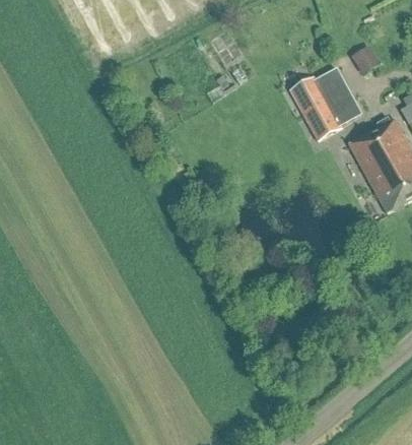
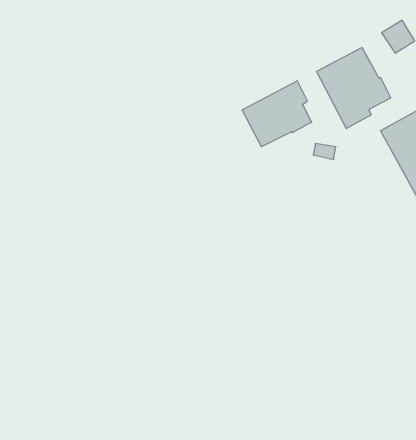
building: none -> [242,81,312,147]

